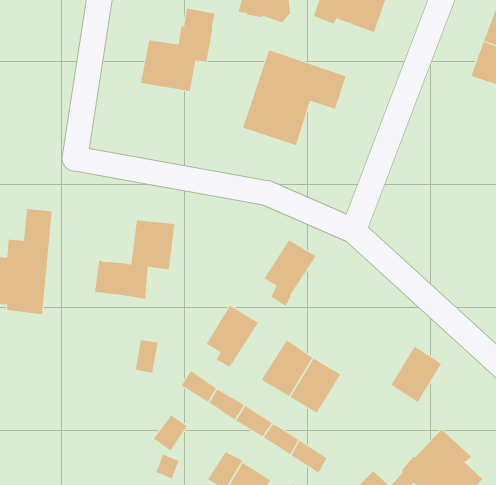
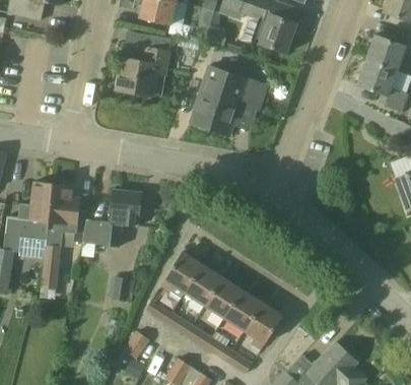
building: none -> [41,183,80,288]
building: [263,240,316,306] -> [184,264,222,313]
building: [390,346,442,403] -> [245,302,282,343]

